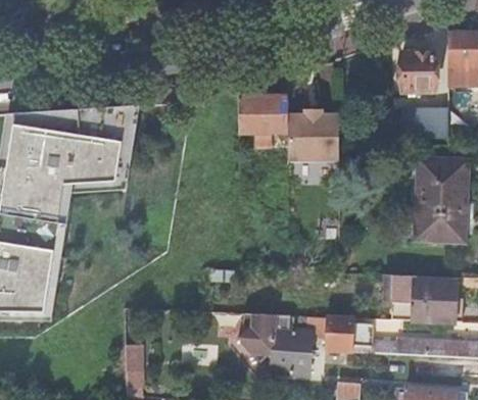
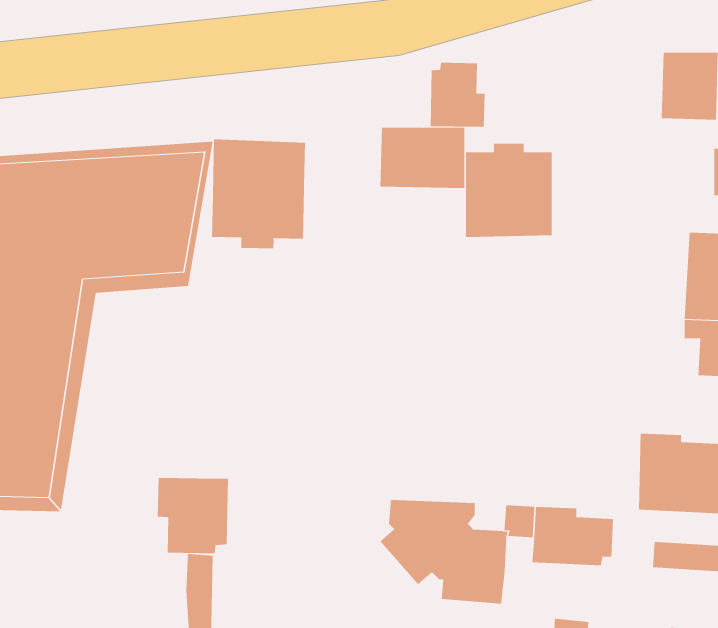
building: none -> [430,62,485,128]
building: none -> [211,138,305,249]
building: none -> [157,477,228,554]

